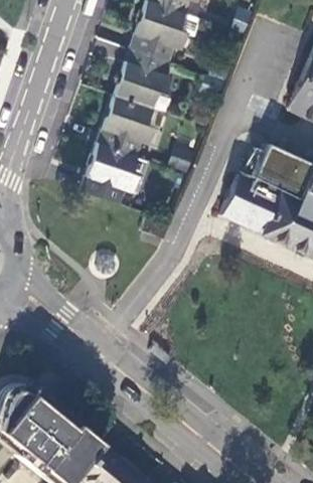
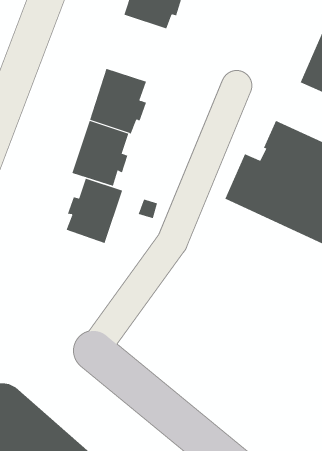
building: [114,47,169,108] -> none
building: none -> [66,178,123,244]

